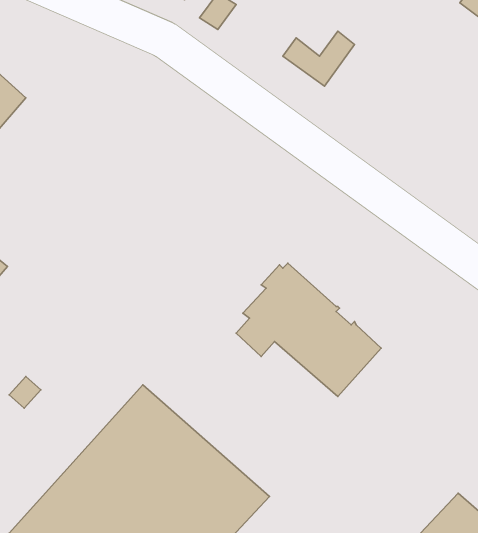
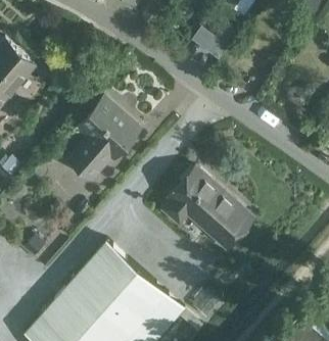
building: none -> [68,97,141,181]

